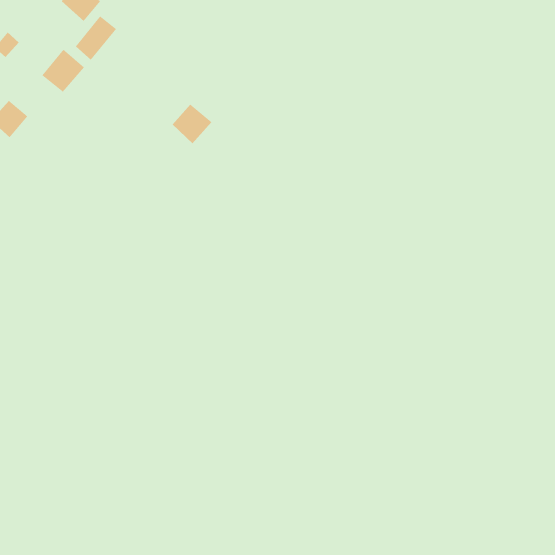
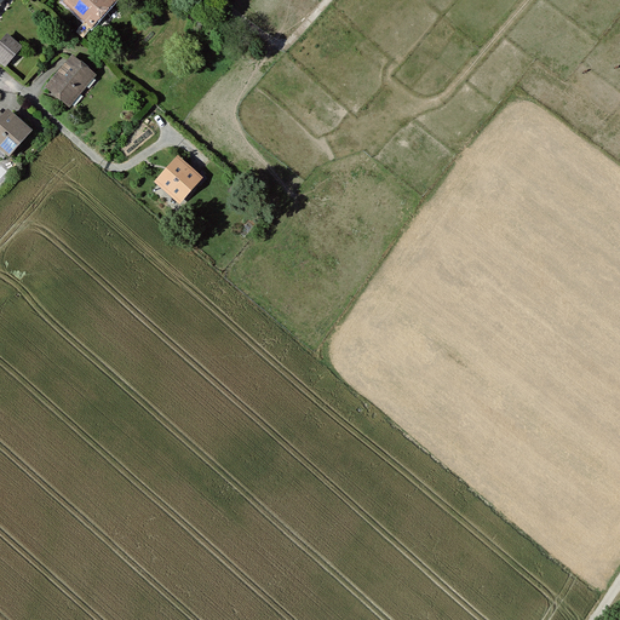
building: [75,16,117,61] -> none
building: [172,104,212,144] -> [156,156,201,201]

